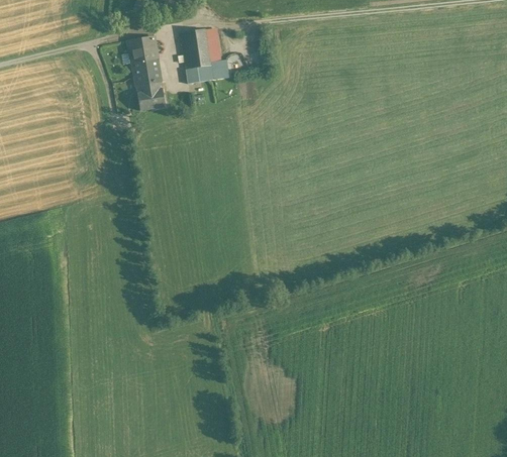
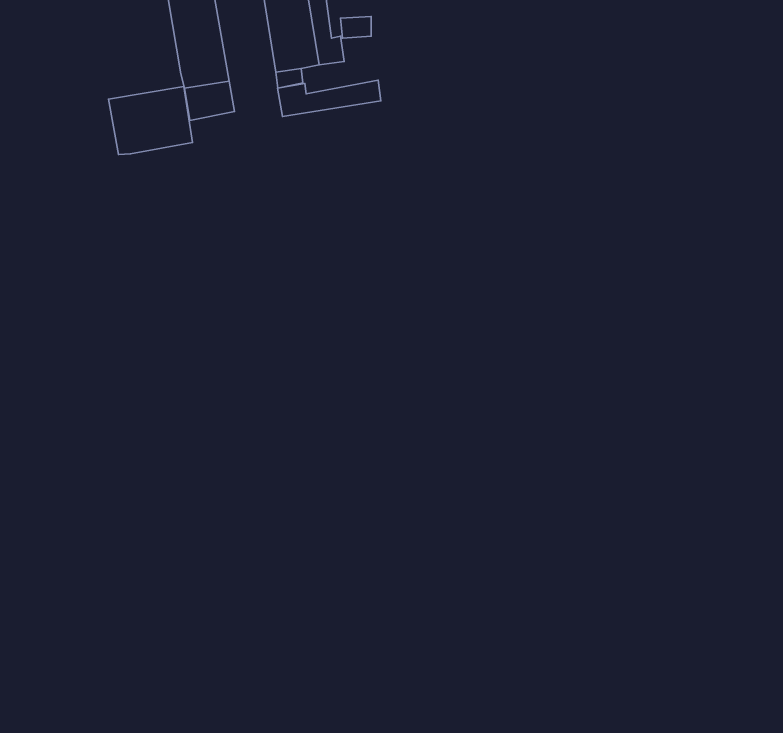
building: none -> [278,80,381,116]
building: none -> [109,86,192,155]

